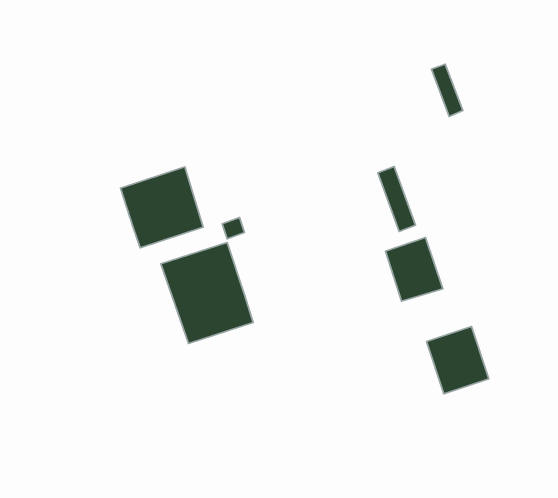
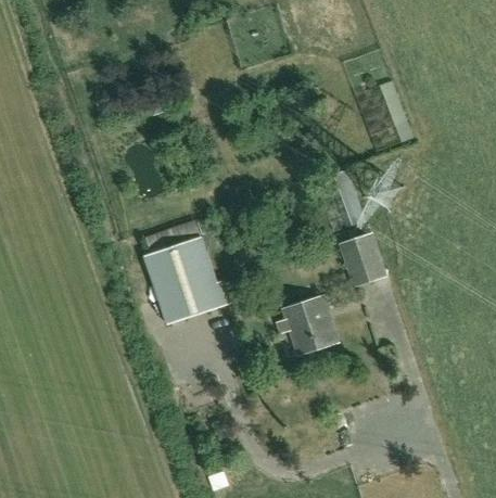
building: [121,167,203,248] -> none
building: [426,326,489,394] -> [283,295,338,354]

